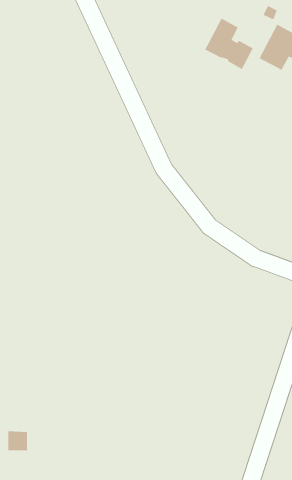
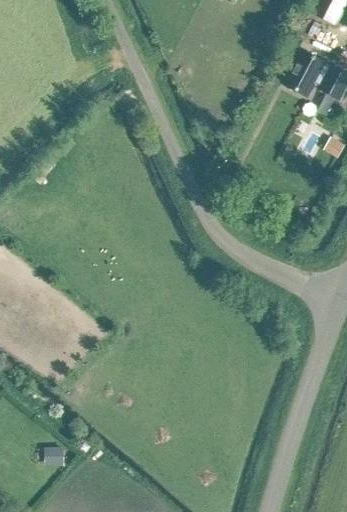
building: [204,18,254,70] -> none

